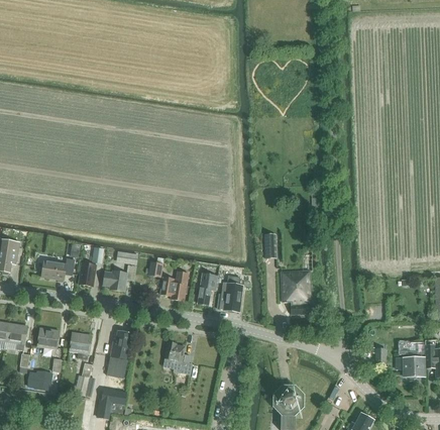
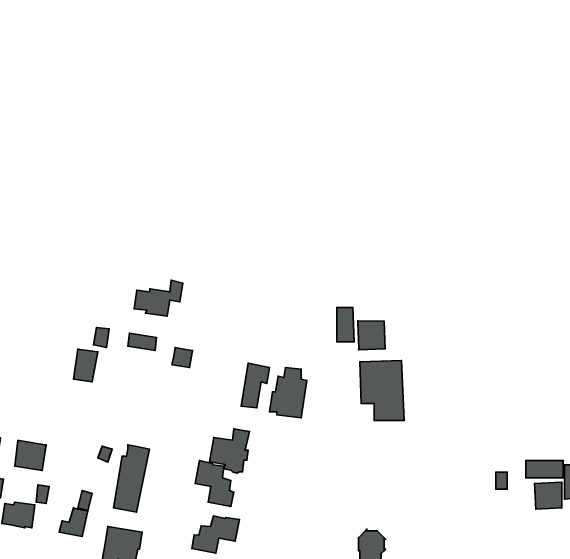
building: none -> [358,321,385,350]
building: [41,258,75,280] -> none
building: [103,264,137,290] -> [134,280,183,316]
building: [160,271,189,302] -> [209,429,250,473]
building: [70,331,92,358] -> none
building: none -> [192,516,239,553]

